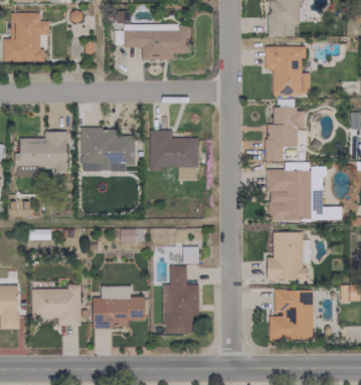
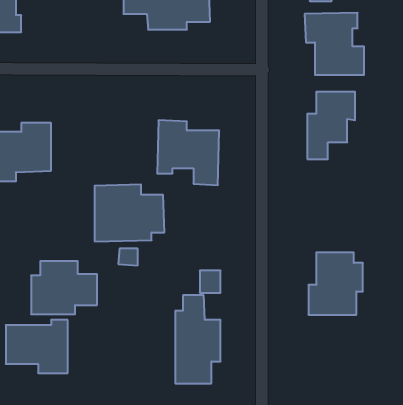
building: [81,128,136,172] -> [95,184,164,241]
building: [267,169,327,220] -> none
building: [94,286,145,328] -> [31,261,97,314]
building: [269,290,313,339] -> none

